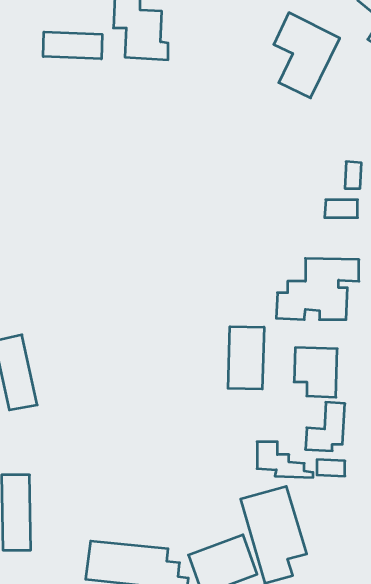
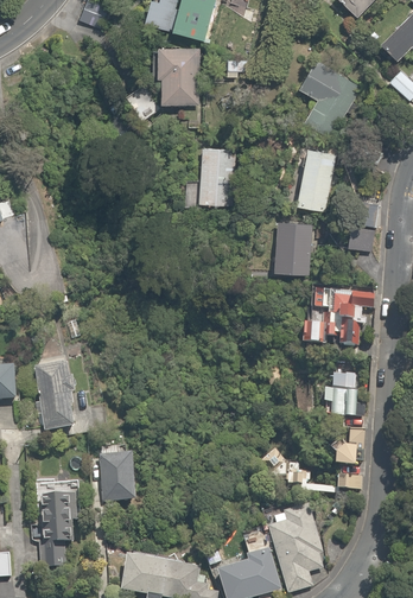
building: [43,32,102,59] -> none
building: none -> [199,142,237,208]
building: none -> [291,148,333,210]
building: none -> [272,218,311,274]
building: [228,327,264,389] -> none
building: none -> [101,450,135,501]

